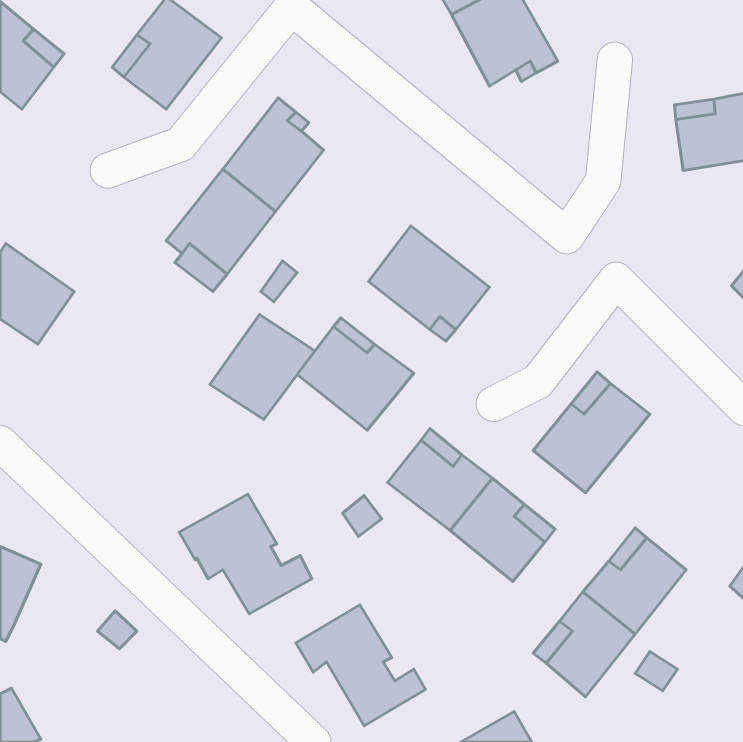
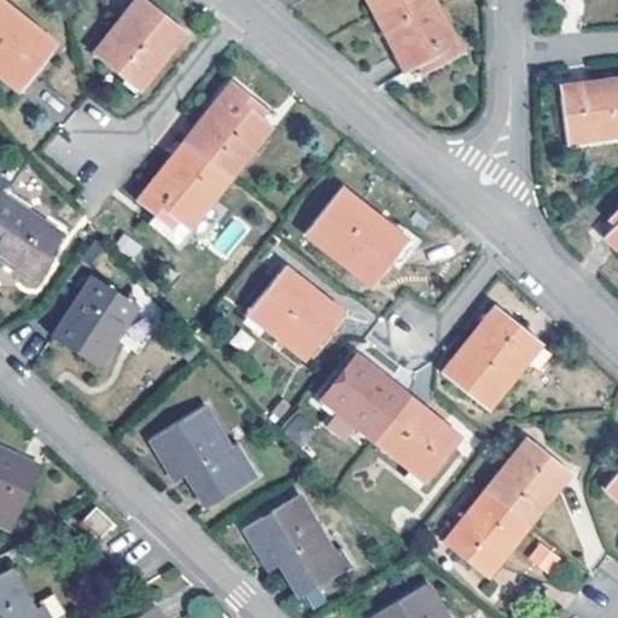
building: [210,315,315,420] -> [51,281,138,368]

